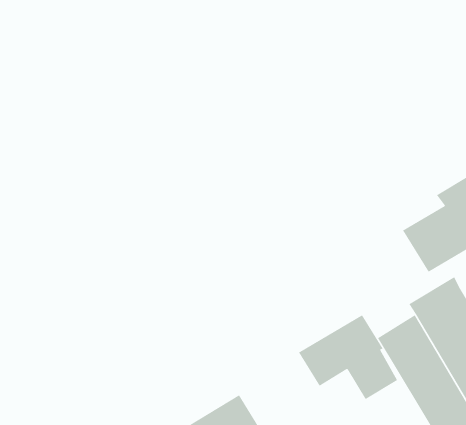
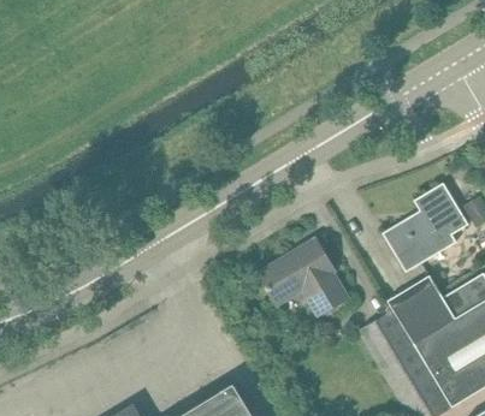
building: [298,315,398,400] -> [256,238,348,316]

